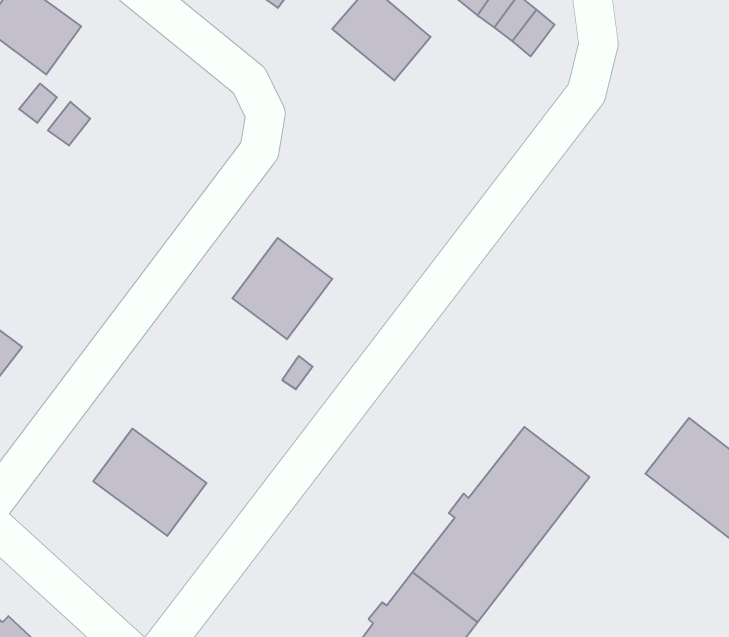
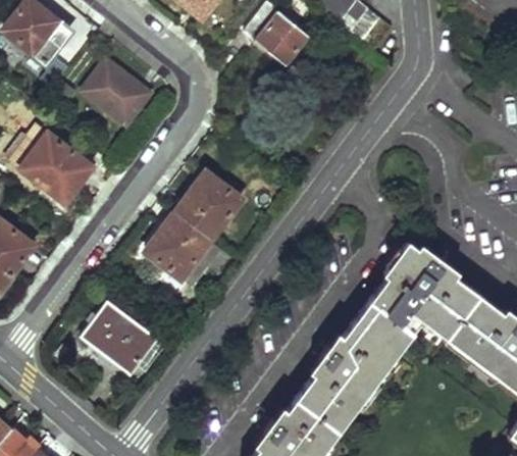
building: none -> [83,60,143,125]
building: none -> [22,134,85,201]
building: none -> [145,214,210,281]
building: none -> [370,241,481,335]

